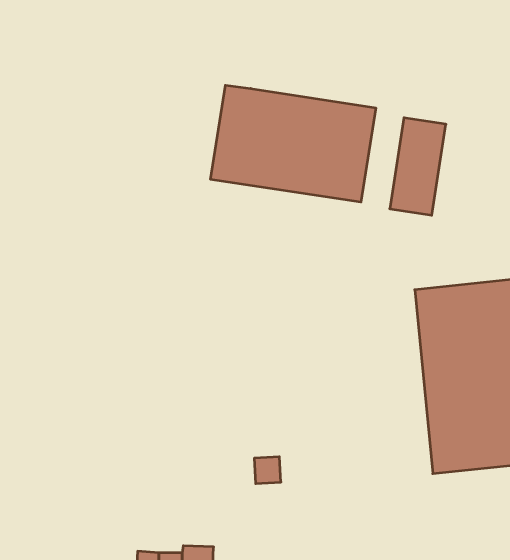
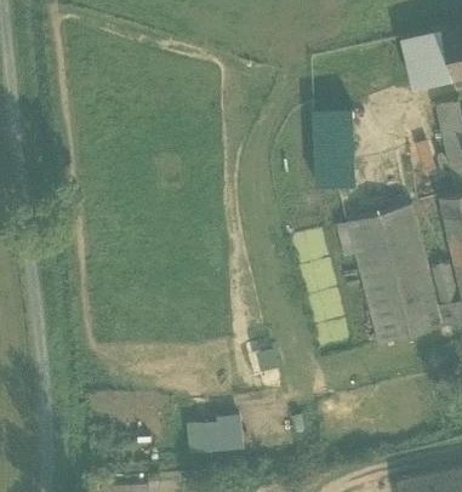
building: [211,85,376,202] -> none

